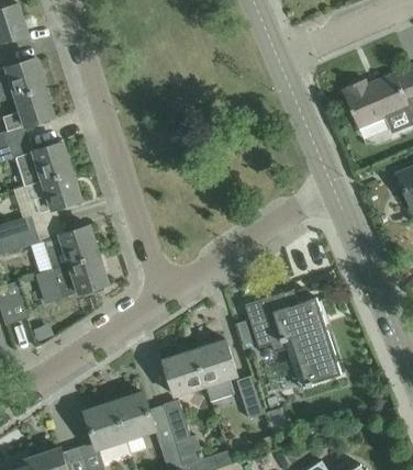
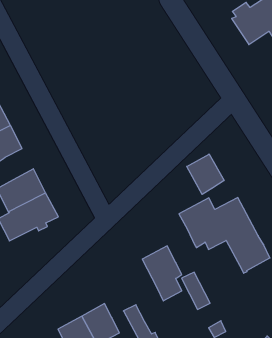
building: none -> [187,154,224,194]
building: [163,349,205,394] -> none

